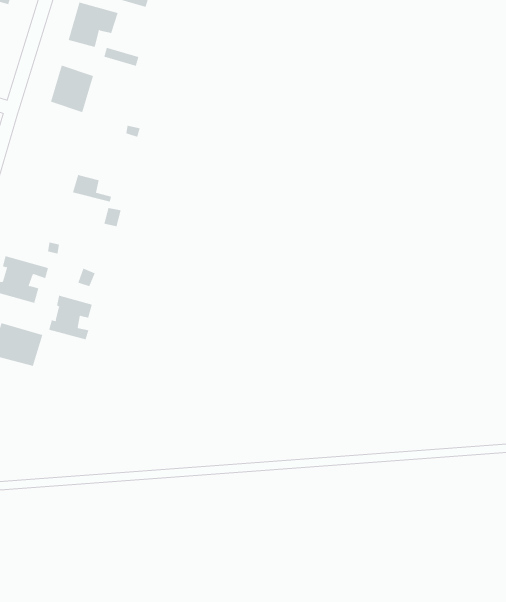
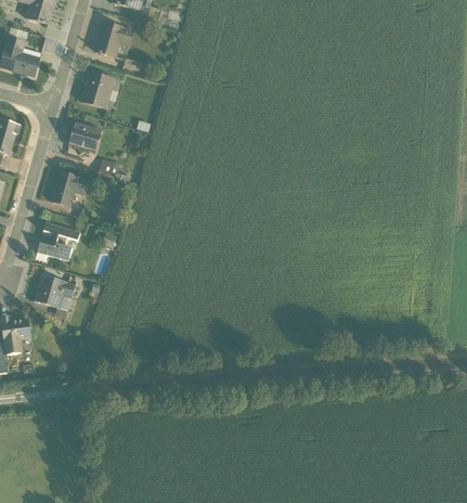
building: none -> [67,120,101,152]
building: none -> [52,170,88,205]
building: [48,295,93,340] -> none

